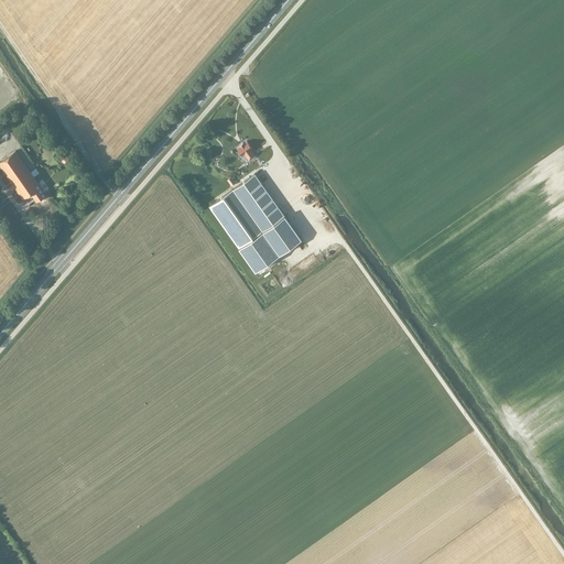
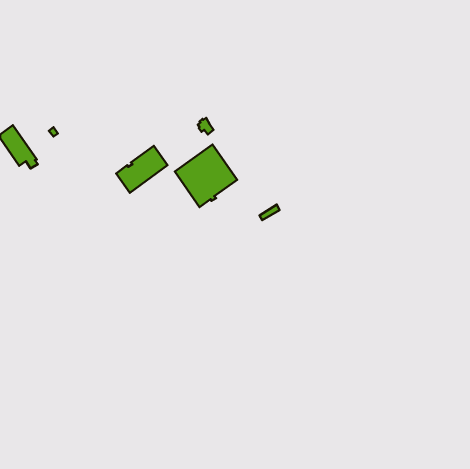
building: [239,217,301,273] -> [116,146,168,193]

